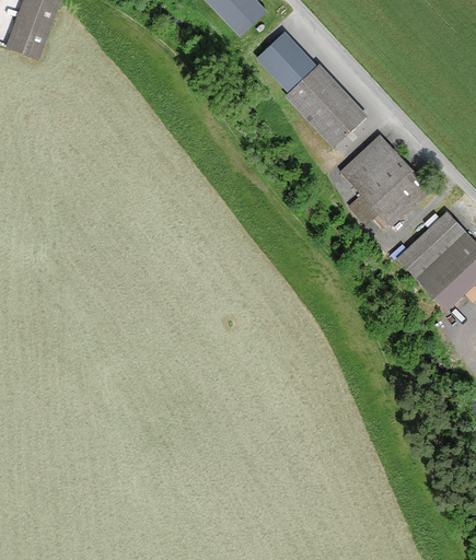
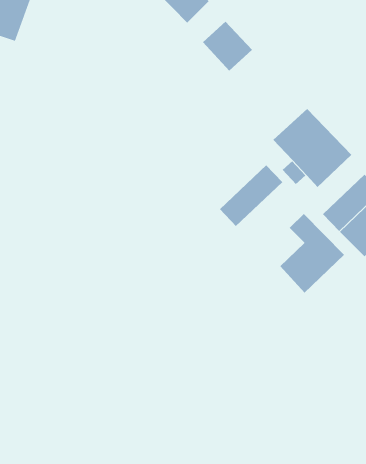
building: [286,65,367,147] -> none
building: none -> [219,165,283,227]
building: none -> [279,213,345,293]

